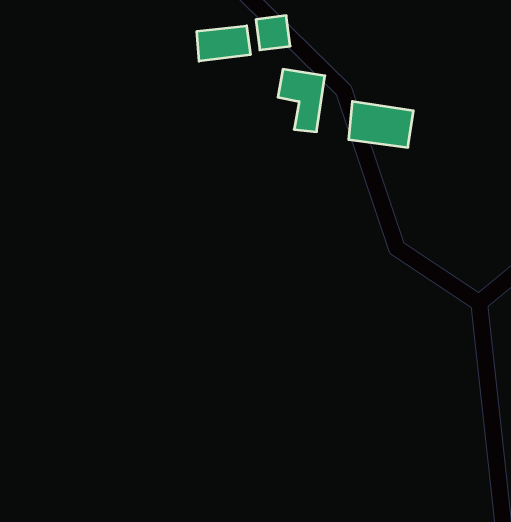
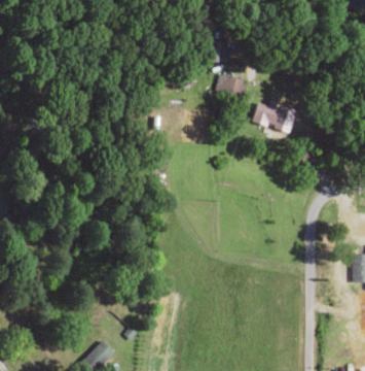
building: [197,26,250,61] -> none

